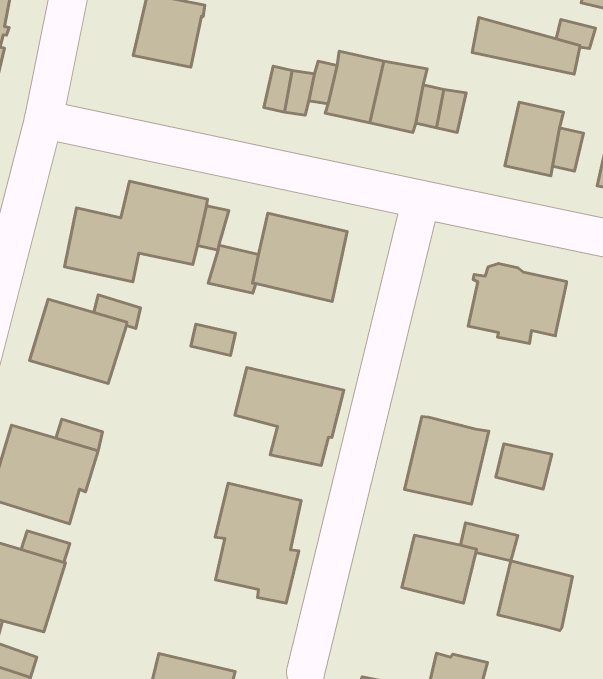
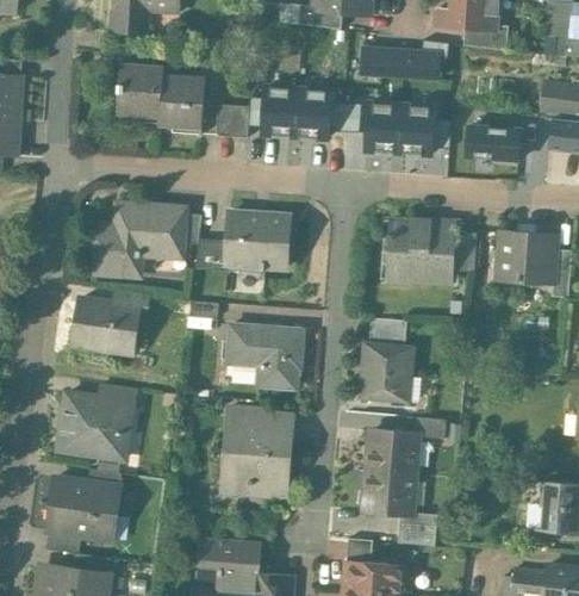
building: none -> [157,76,204,126]
building: none -> [365,103,400,153]
building: none -> [452,231,475,269]
building: [496,444,552,489] -> [368,318,406,347]
building: [498,561,573,630] -> [363,470,413,515]

